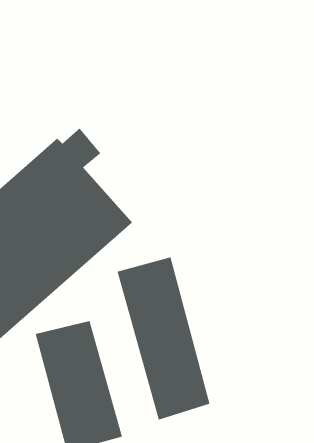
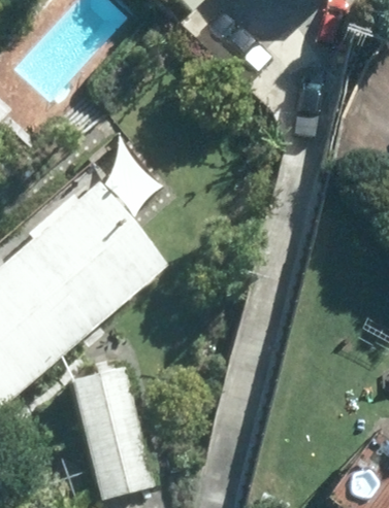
building: [117,256,210,421] -> none

